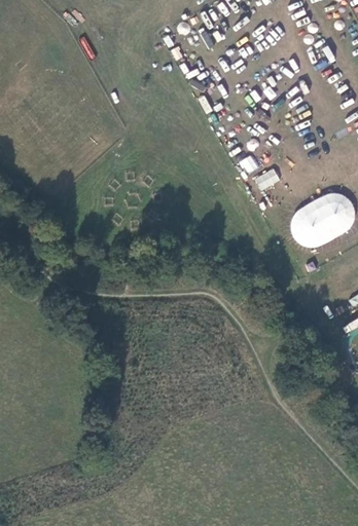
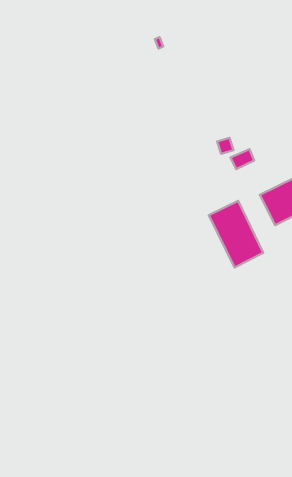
building: none -> [209,201,263,267]

